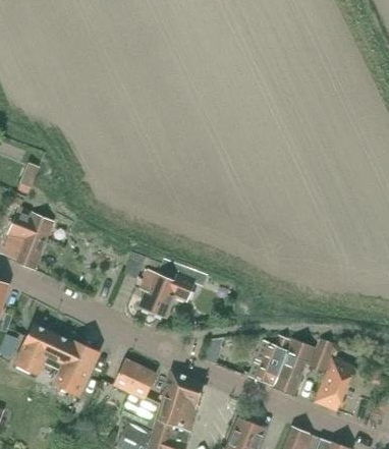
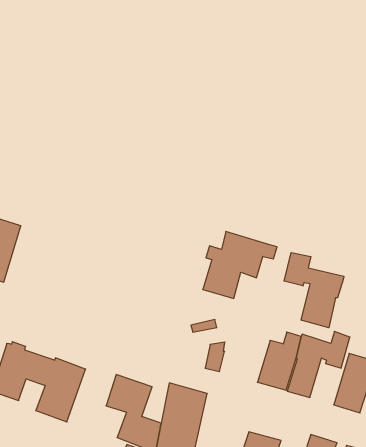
building: [138,259,207,318] -> [203,232,277,298]
building: none -> [284,253,344,328]

